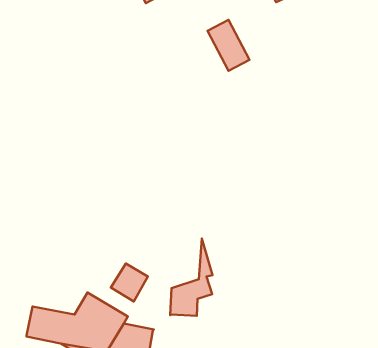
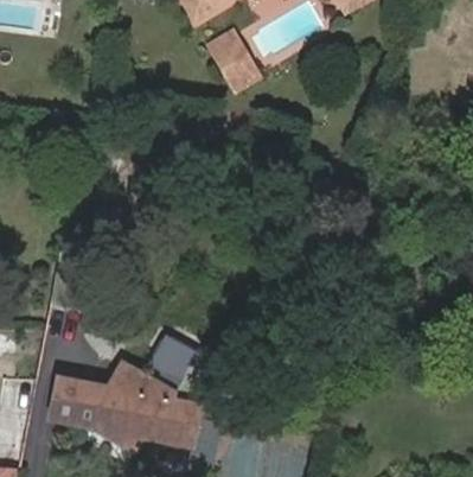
building: [207,20,250,71] -> [210,30,260,90]
building: [170,238,212,316] -> none

